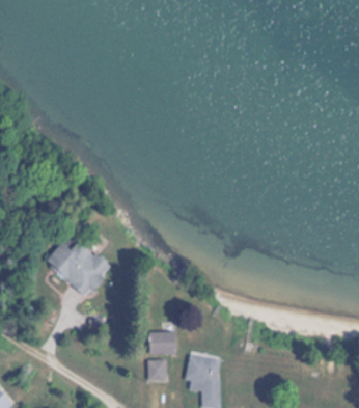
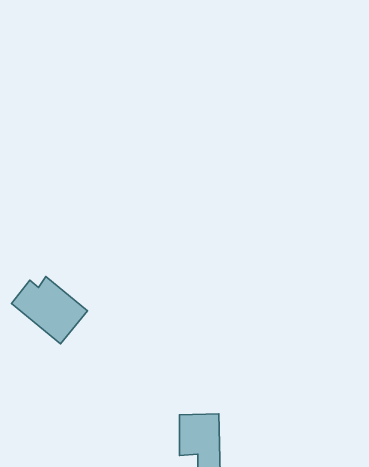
building: [147,332,175,354] -> none
building: [148,360,167,381] -> none

